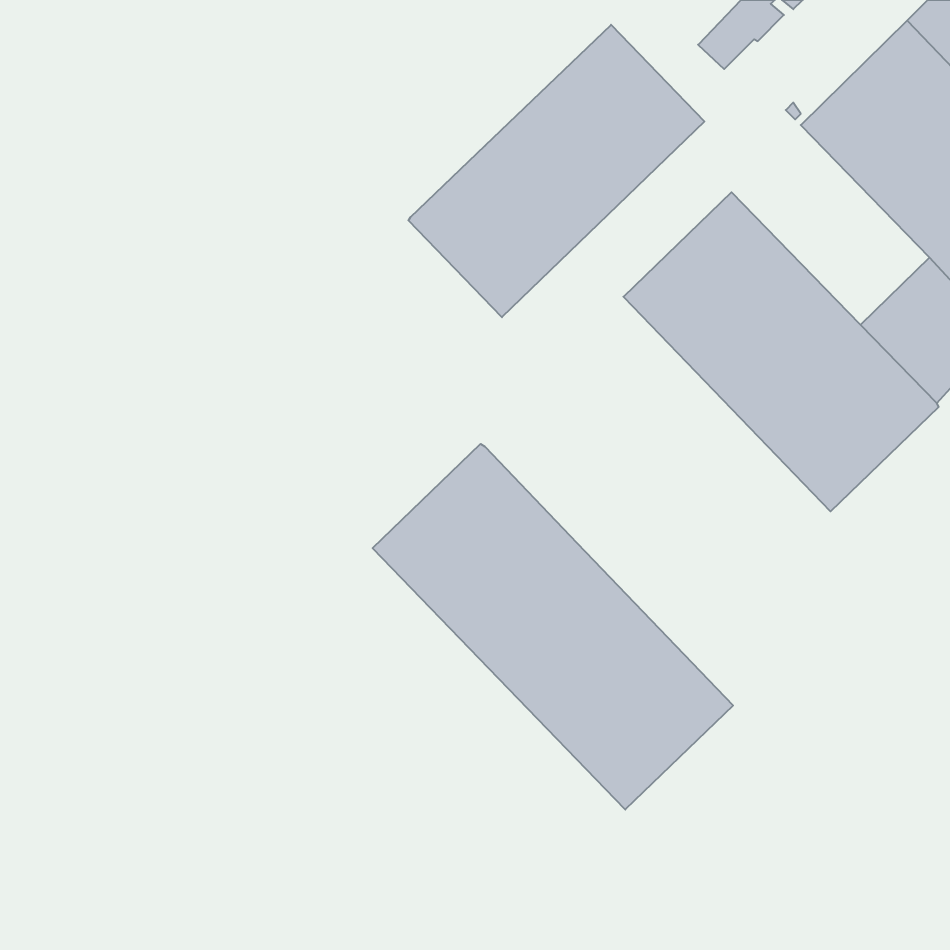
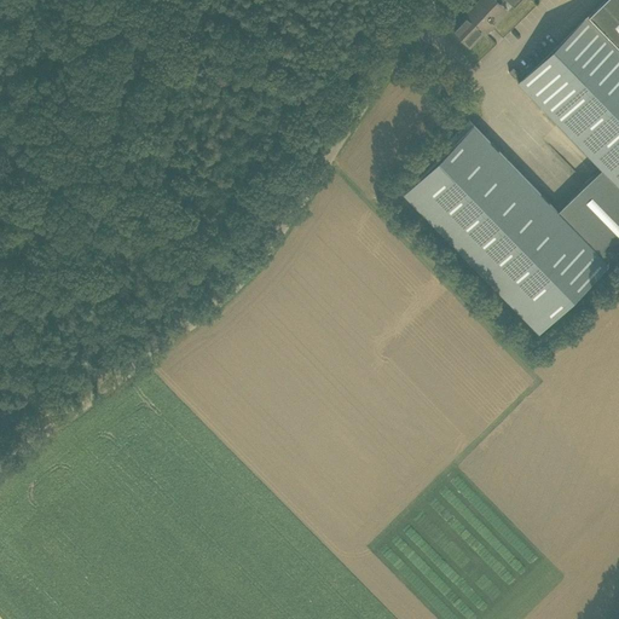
building: [408,25,704,317] -> none
building: [373,444,733,810] -> none

